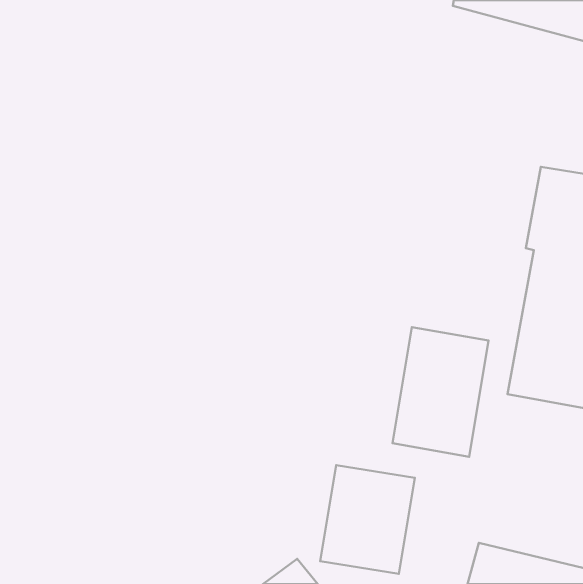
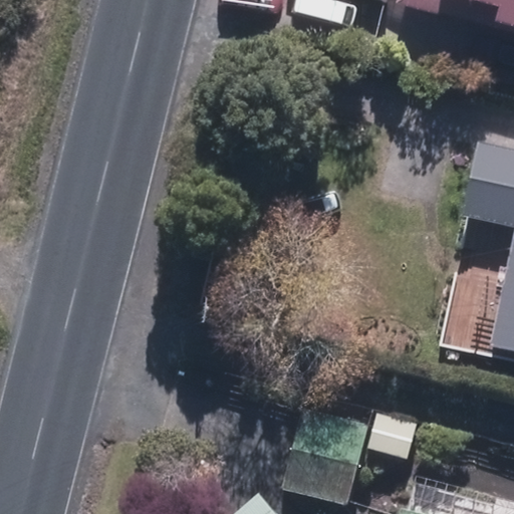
building: [393,327,488,457] -> none

